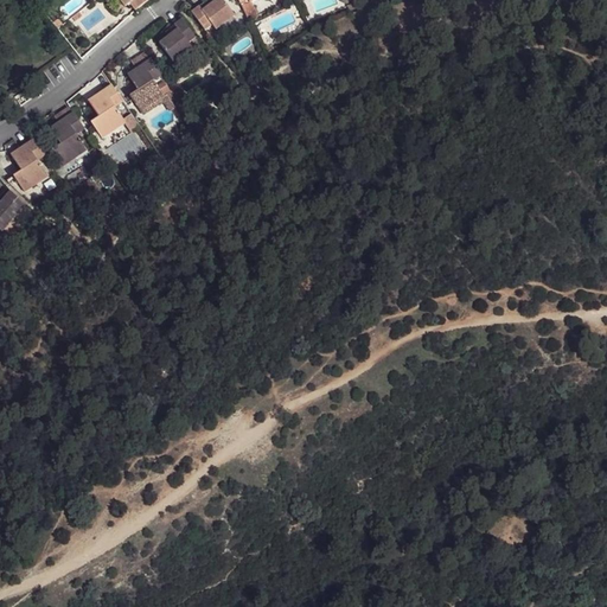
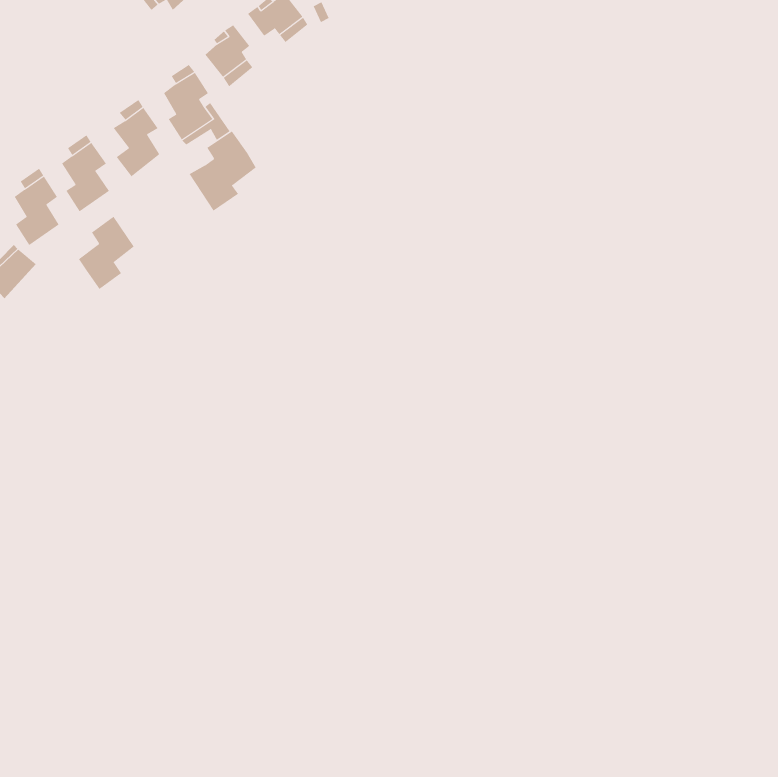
building: none -> [189,130,256,211]
building: none -> [78,216,135,290]

